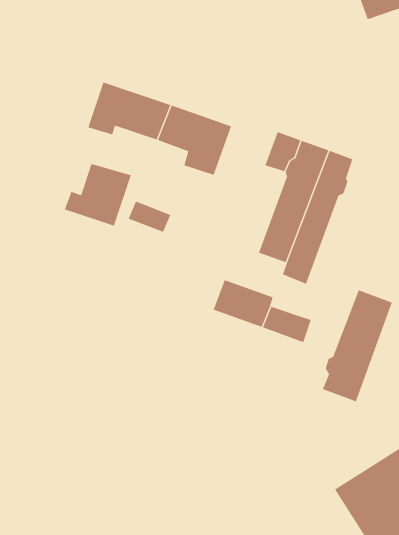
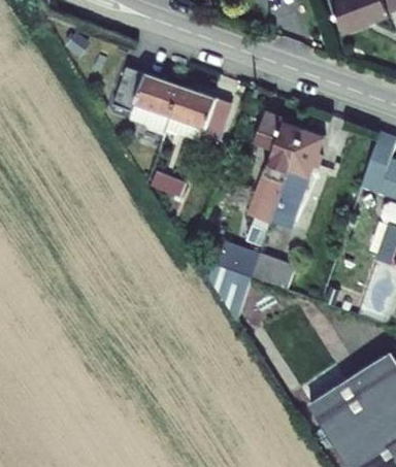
building: [64,163,131,226] -> none
building: [322,289,392,402] -> none
building: none -> [206,260,252,316]

